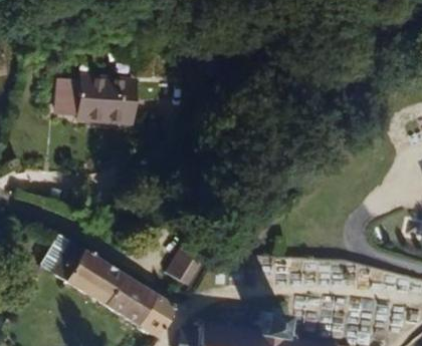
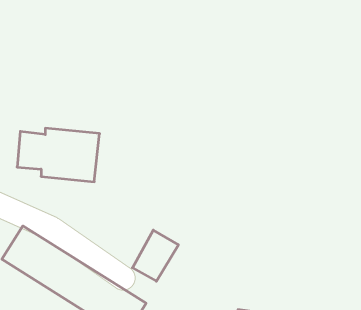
building: [56,74,136,125] -> [17,128,100,182]

